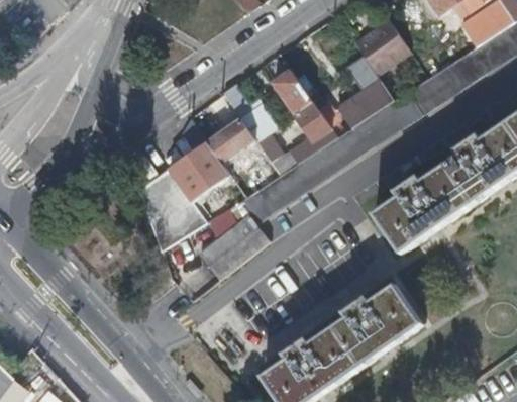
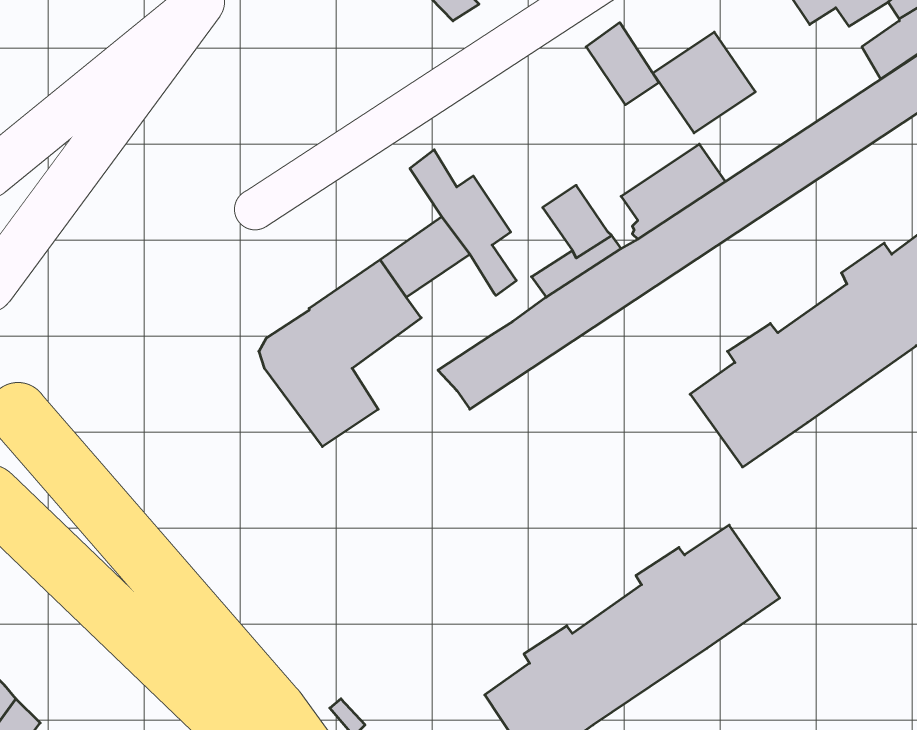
building: [274,69,313,113] -> [586,23,659,105]
building: [197,212,269,279] -> none

